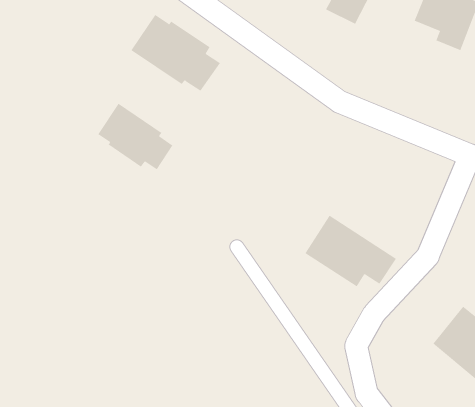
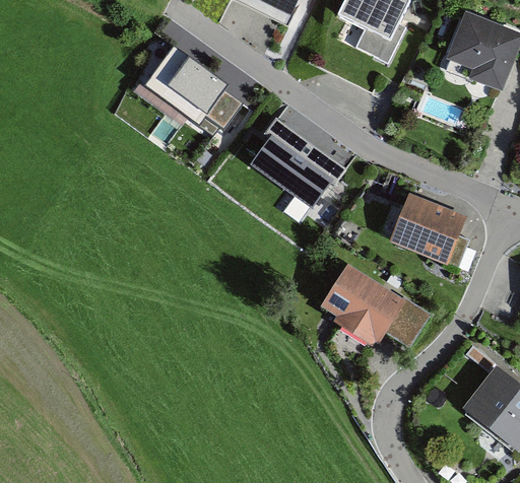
building: none -> [248,115,339,200]
building: [98,103,173,170] -> none
building: none -> [395,195,472,263]

